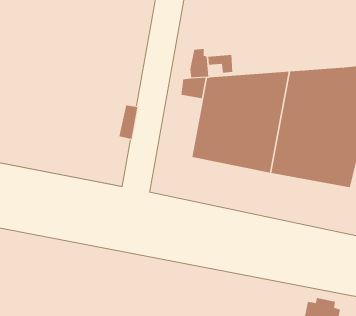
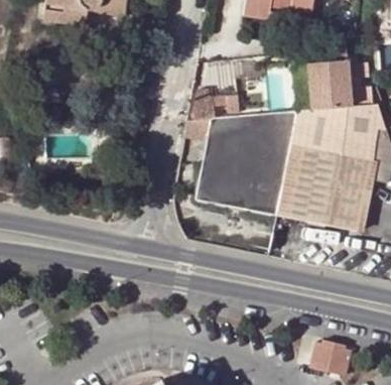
building: none -> [307,47,352,110]

